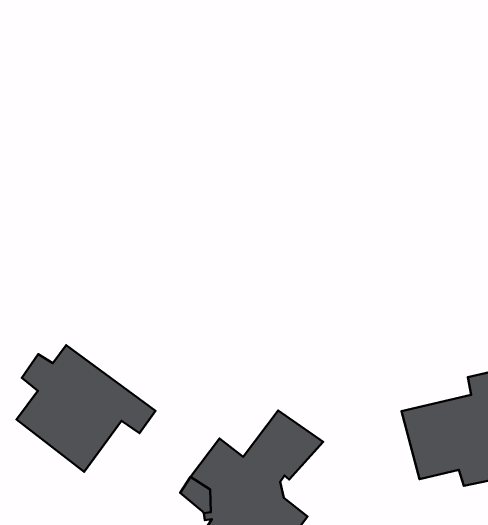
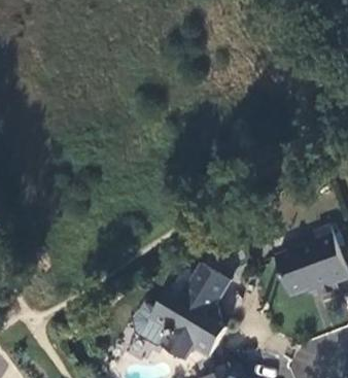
building: [17,345,156,472] -> none

